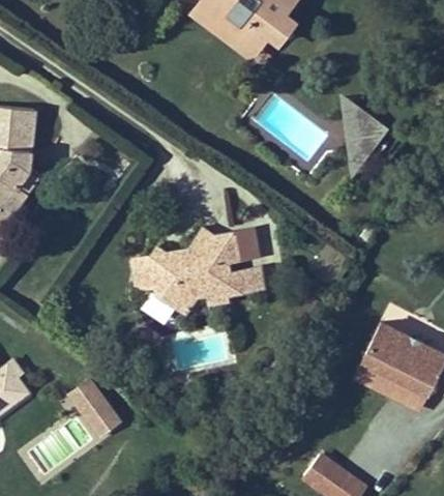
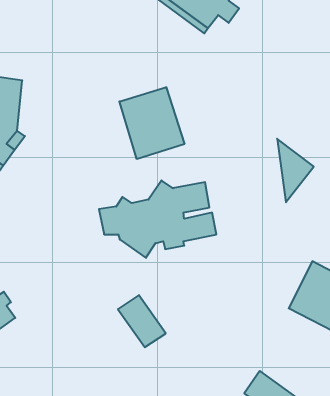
building: [342,94,385,170] -> [277,139,314,202]
building: none -> [119,87,184,159]
building: [65,379,122,441] -> [118,295,166,347]

